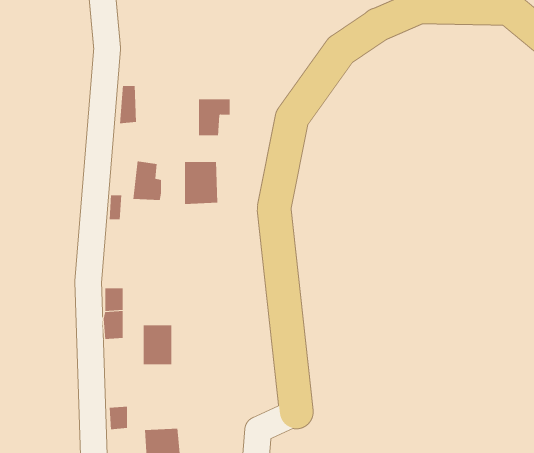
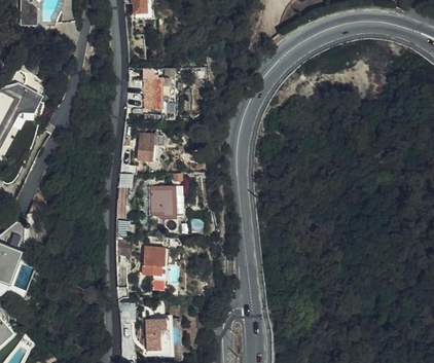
building: [198,99,231,136] -> [143,81,166,107]
building: [184,162,218,204] -> [153,187,177,217]

